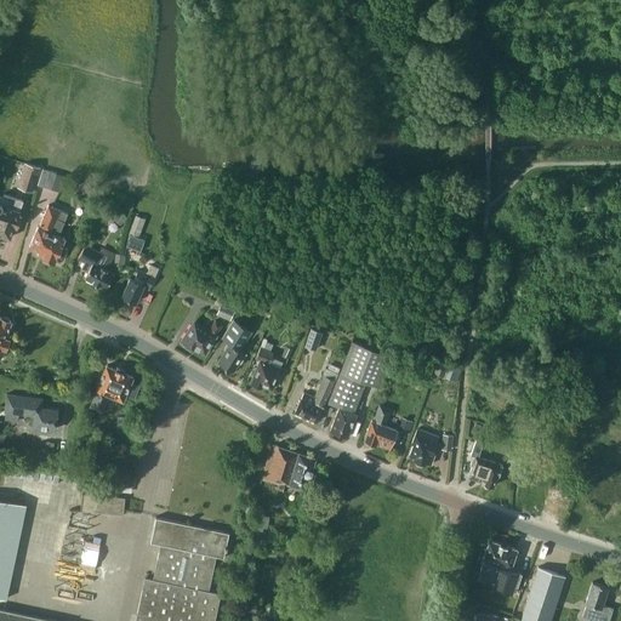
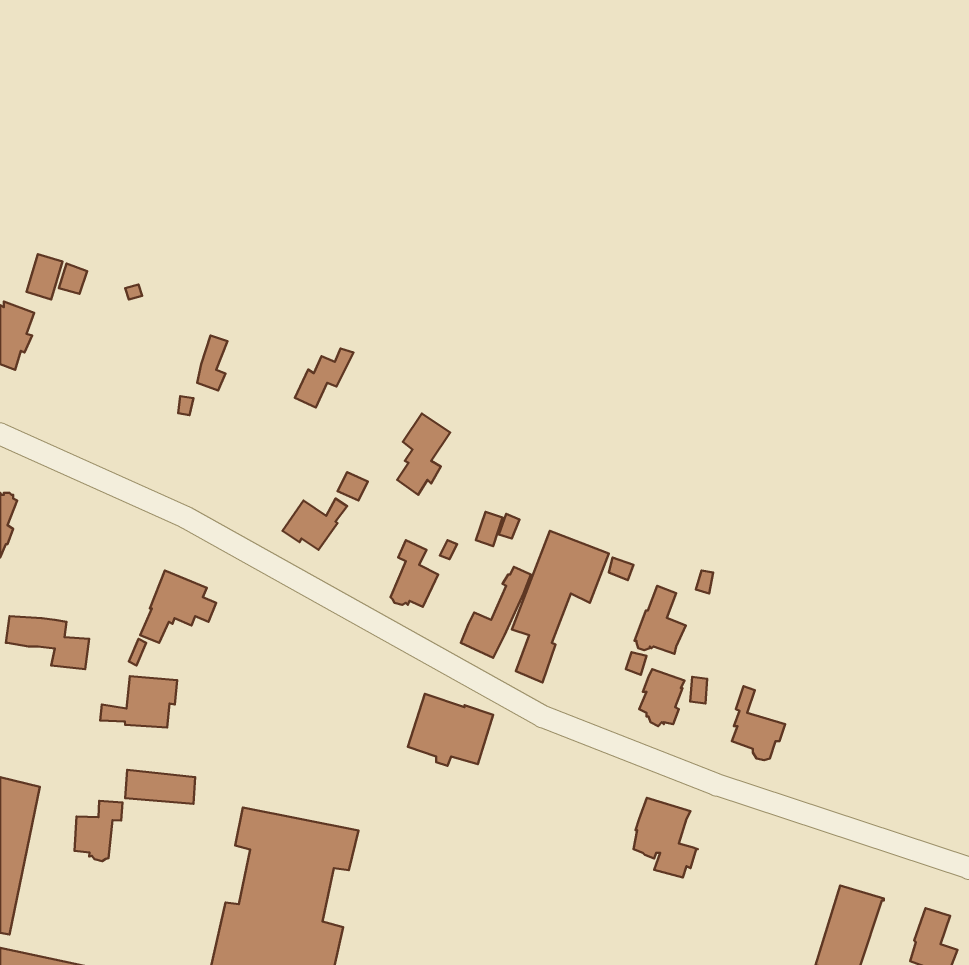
building: [29,206,67,264] -> none
building: [78,246,113,291] -> none
building: [121,267,159,304] -> [295,349,354,407]
building: [218,321,252,374] -> [397,413,450,495]
building: [364,406,397,450] -> [635,586,686,654]
building: none -> [100,676,177,728]
building: none -> [75,801,123,861]
building: [480,542,522,593] -> [633,798,698,877]

